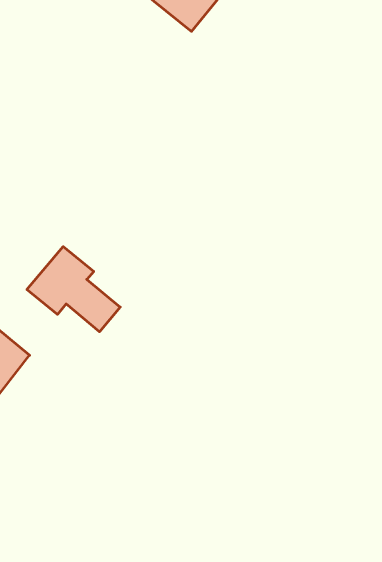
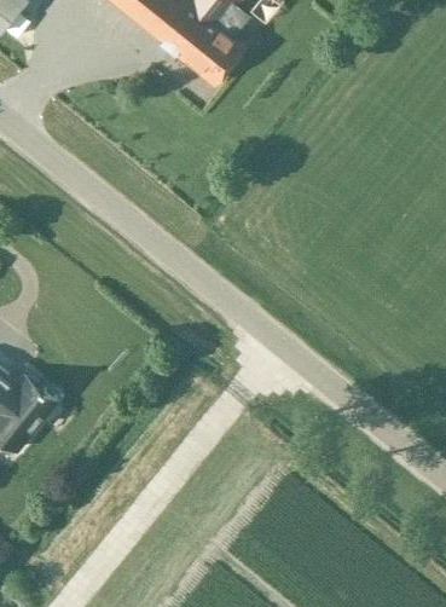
building: [27,247,120,332] -> none

